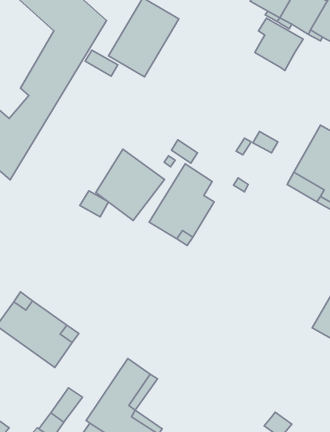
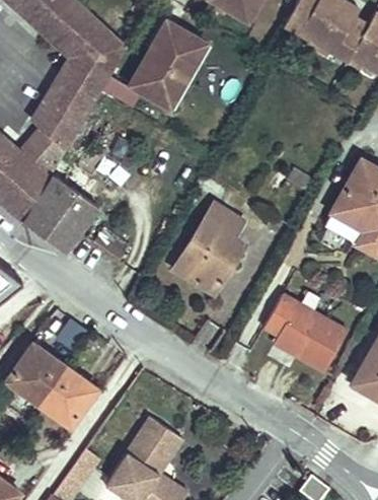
building: [255,18,303,71] -> none
building: [96,149,165,220] -> [21,172,96,251]
building: none -> [263,294,347,371]

